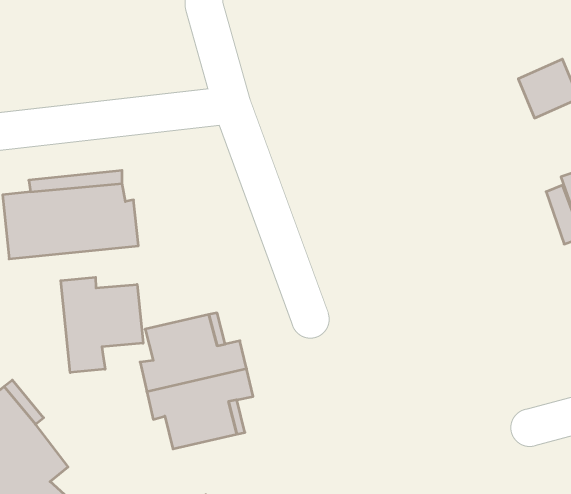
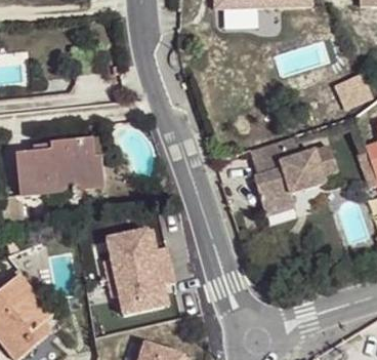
building: none -> [249,135,337,212]
building: [61,277,143,373] -> none

